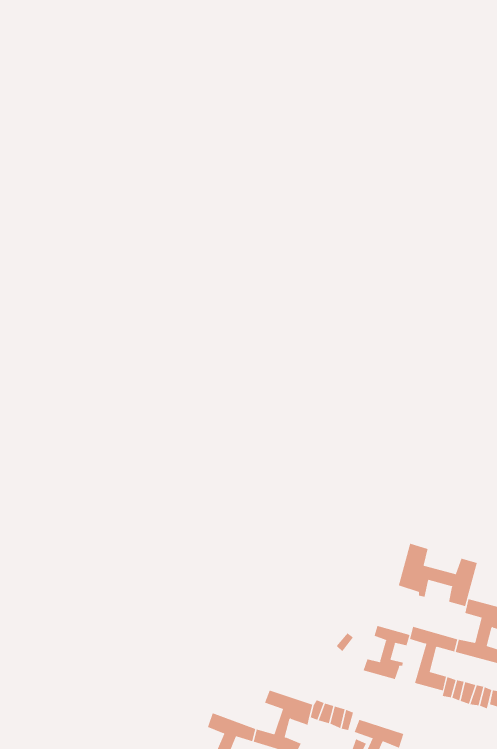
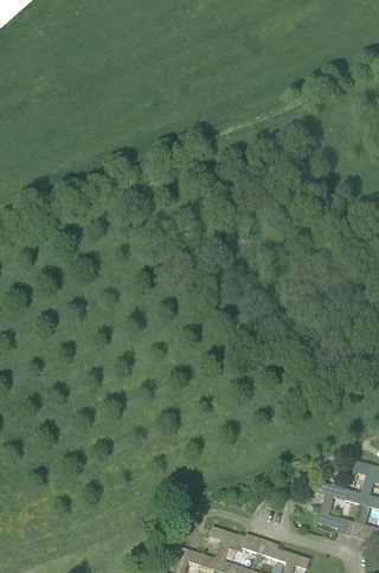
building: [398,543,478,607] -> none
building: [363,625,410,680] -> none

